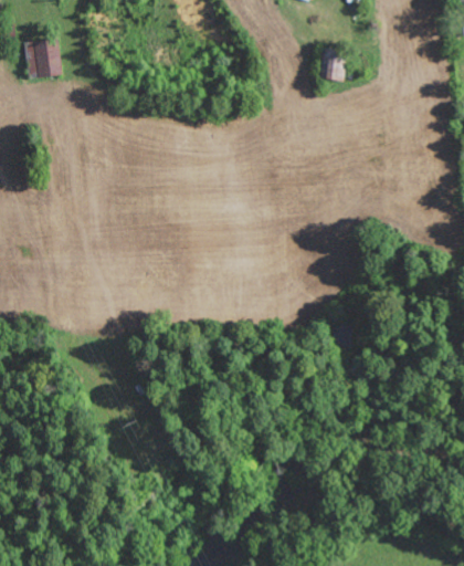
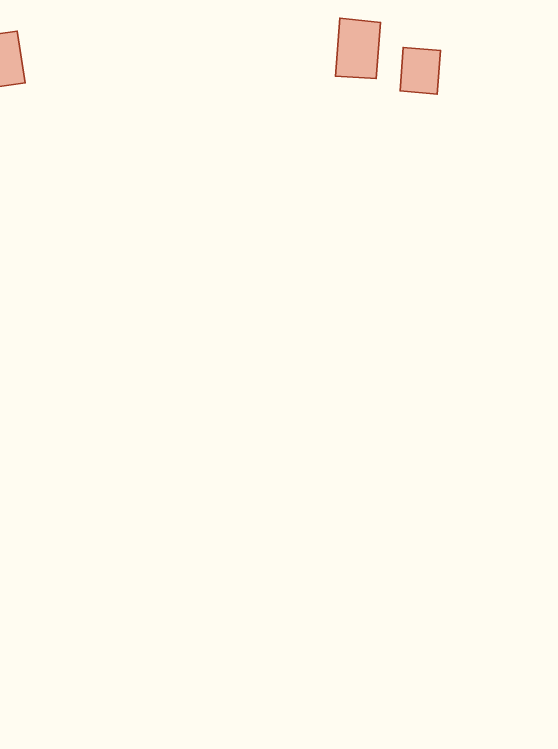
building: none -> [336,18,380,78]

